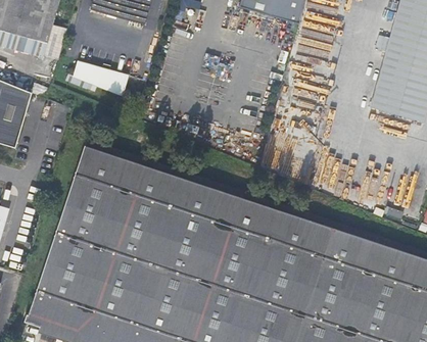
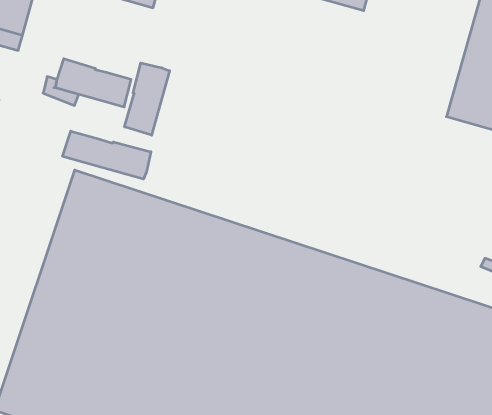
building: none -> [125,63,170,135]
building: none -> [63,131,151,179]

